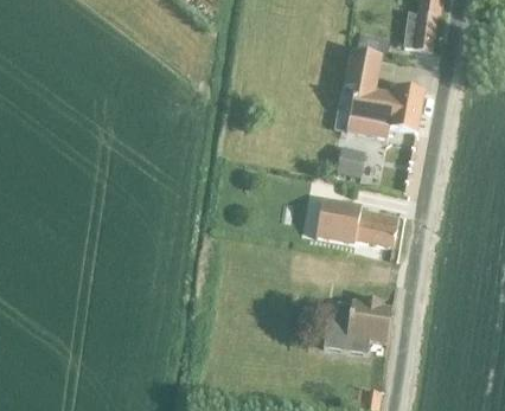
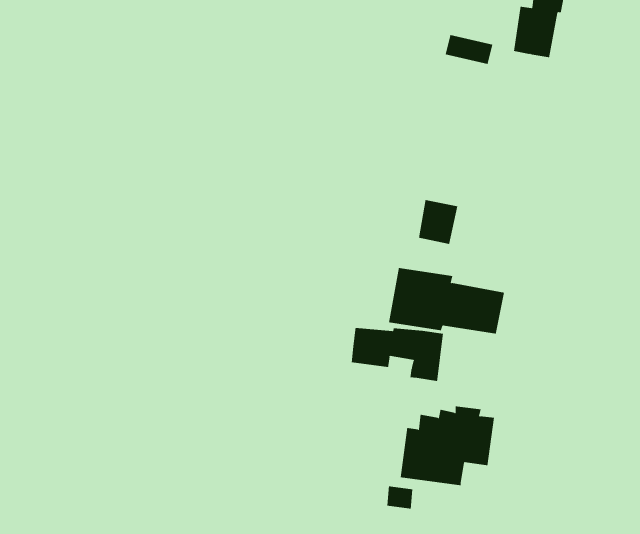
building: [343,50,422,139] -> none
building: none -> [351,327,443,382]

